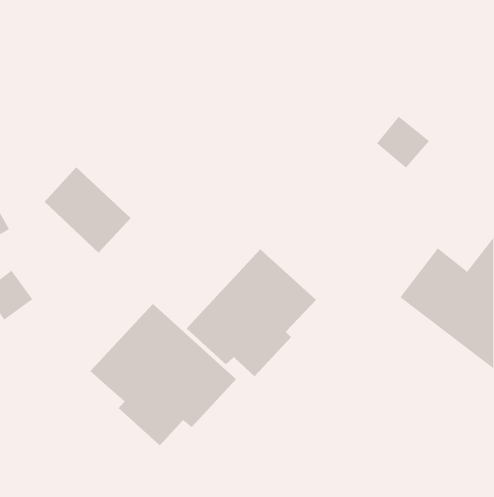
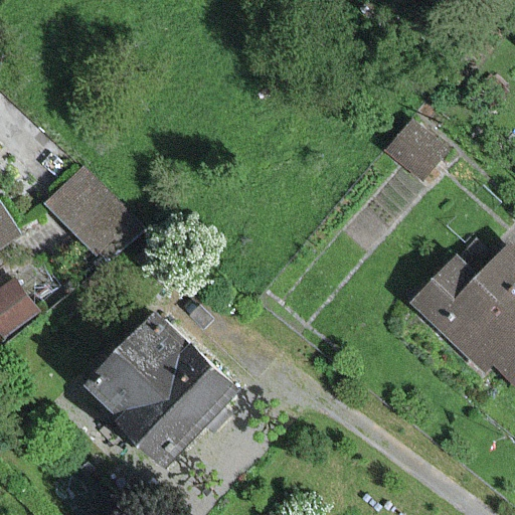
building: [186,248,317,377] -> none

